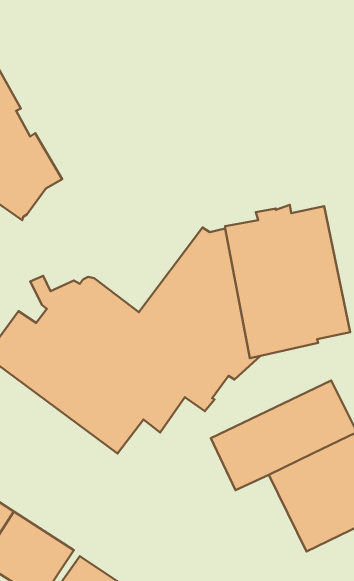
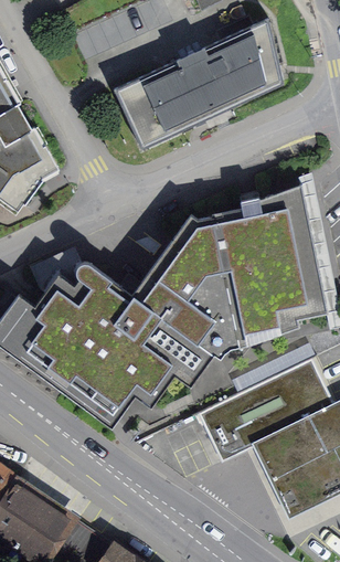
building: none -> [114,17,284,148]

